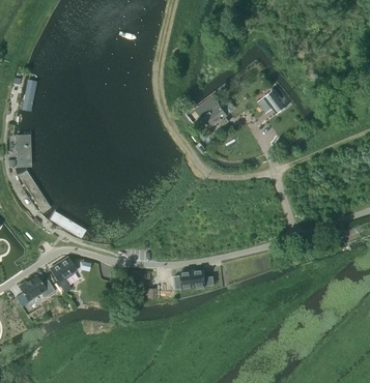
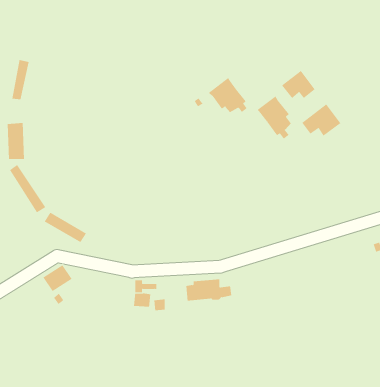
building: none -> [257,95,292,139]
building: none -> [302,104,341,136]
building: [19,275,54,302] -> none

